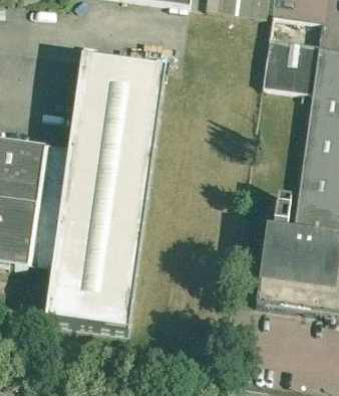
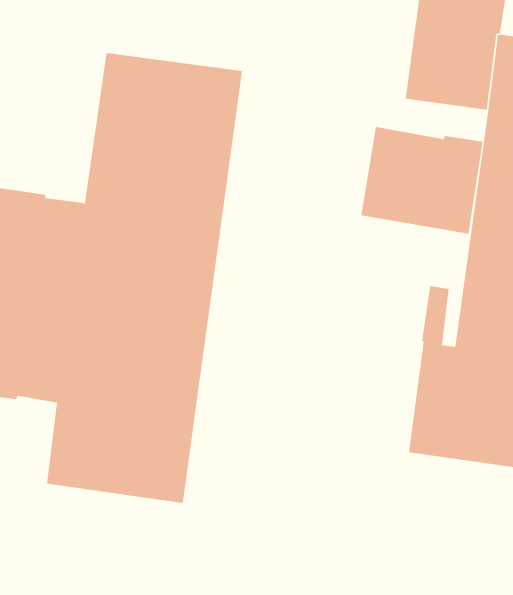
building: none -> [361,126,483,235]

